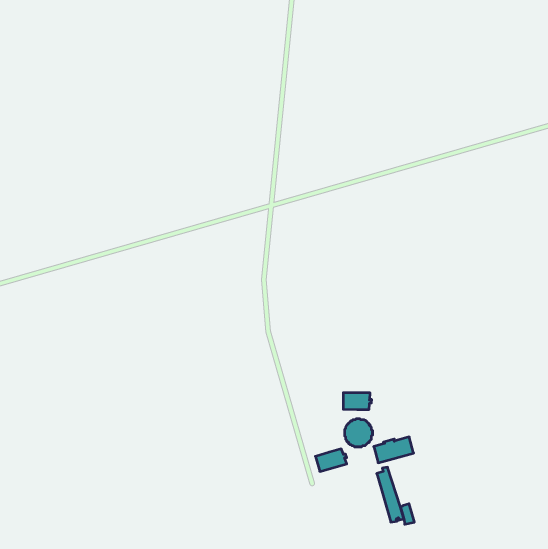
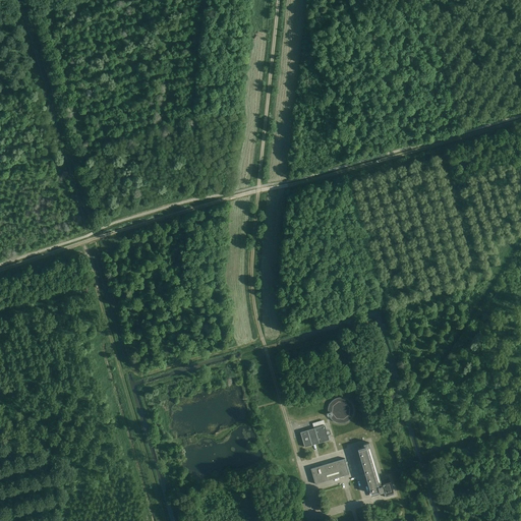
building: [343,393,371,410] -> none
building: [374,437,414,463] -> [309,458,347,482]

